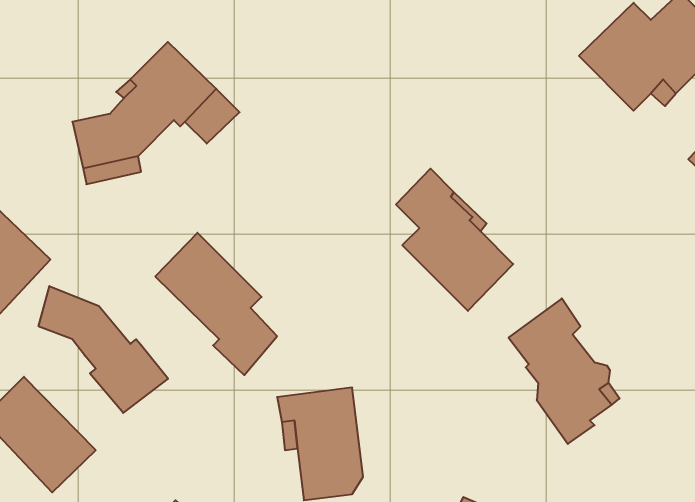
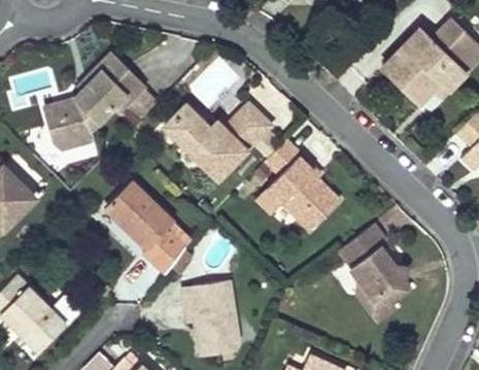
building: none -> [165,103,269,177]
building: [39,286,168,413] -> none

